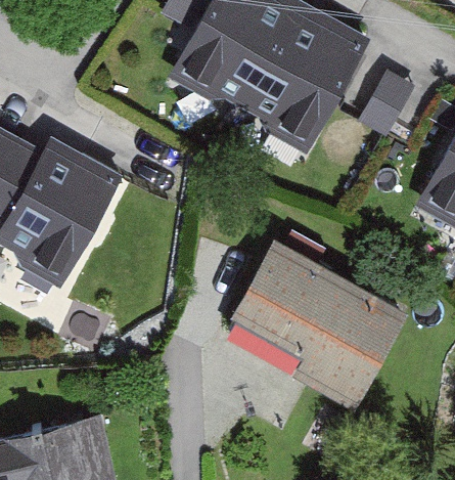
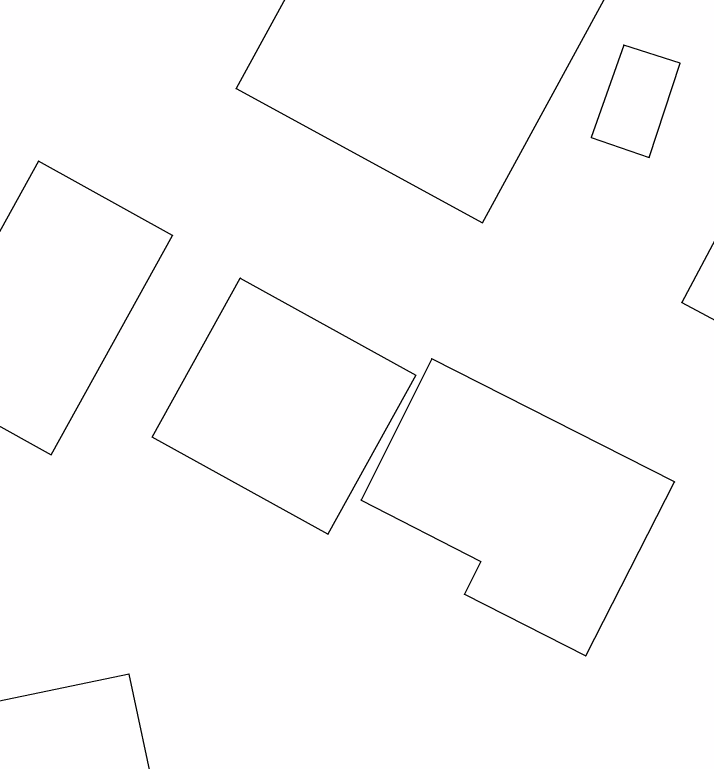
building: none -> [152,278,416,534]

